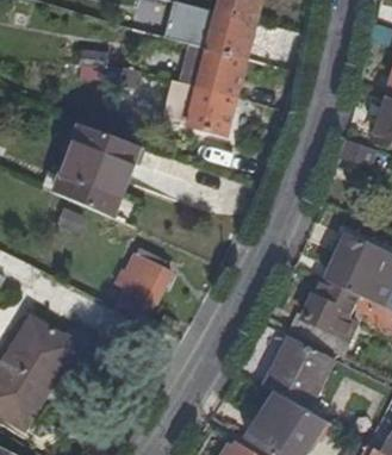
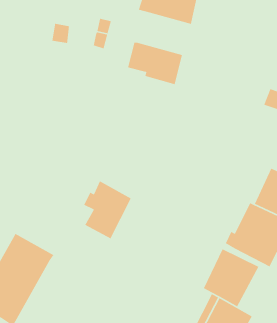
building: [180,40,248,93] -> none
building: [56,123,148,218] -> none

